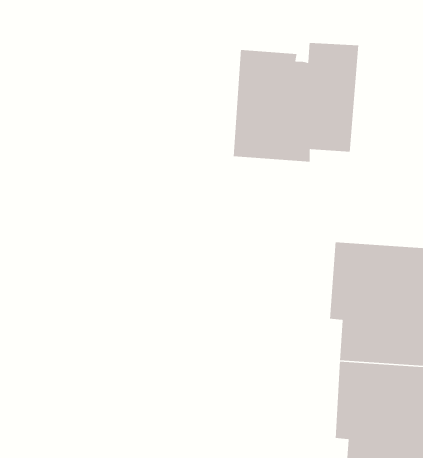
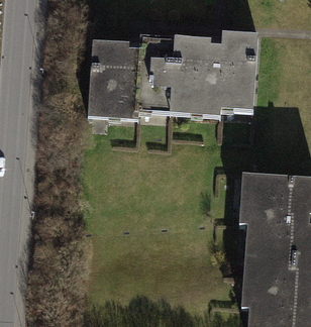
building: none -> [83,35,173,120]

